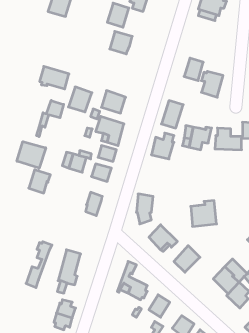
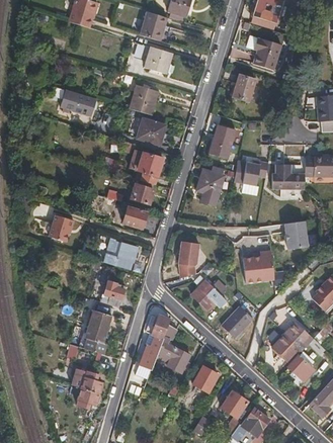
building: [201,71,223,97] -> [256,41,282,73]
building: [68,87,92,112] -> [130,83,158,113]
building: [37,100,64,137] -> none
building: [17,142,46,168] -> none
building: none -> [282,218,307,247]
building: none -> [98,281,123,306]
building: [26,242,52,288] -> [139,315,170,370]

